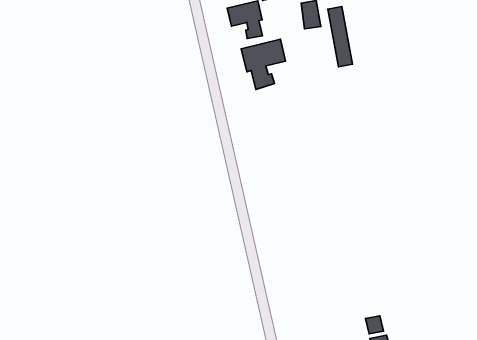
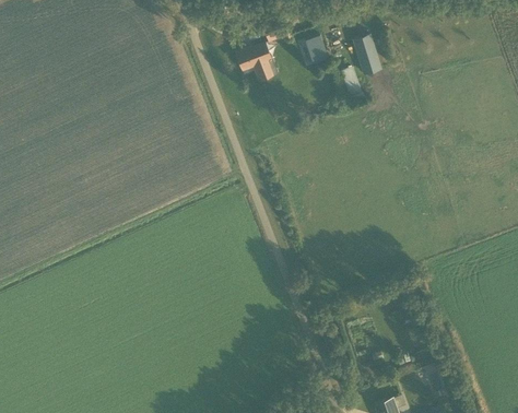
building: none -> [353,36,382,78]
building: [241,39,285,89] -> none

